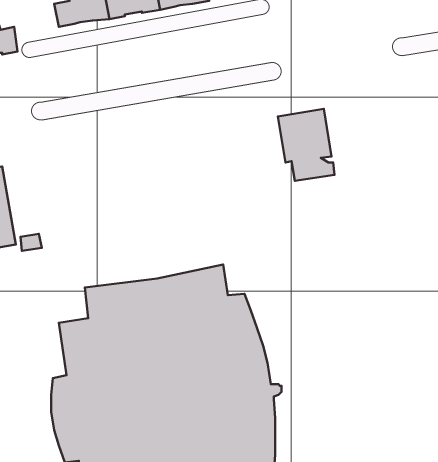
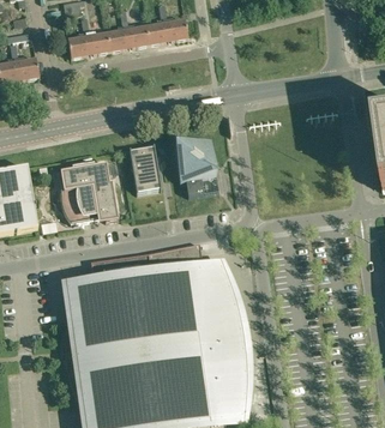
building: [278,109,335,181] -> [173,139,217,195]
building: none -> [127,144,160,192]
building: none -> [59,162,116,222]

